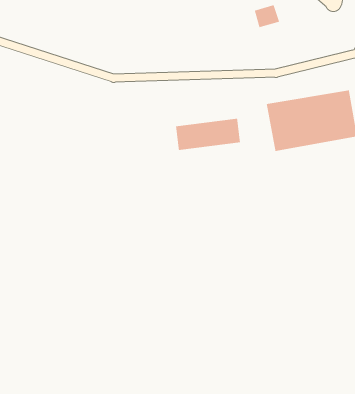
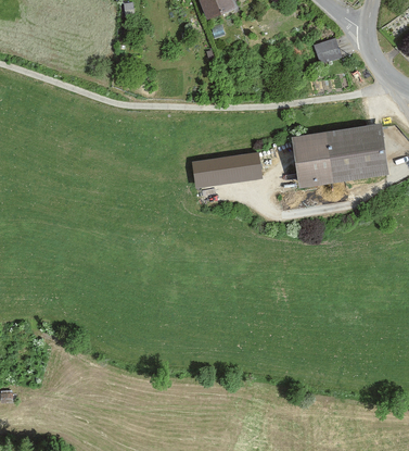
building: [254,4,280,28] -> [312,37,341,63]

